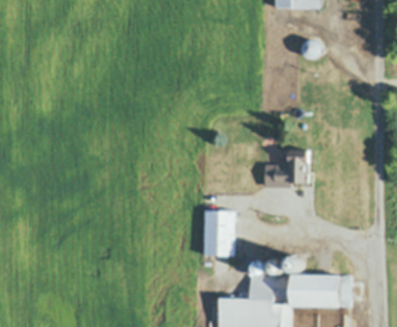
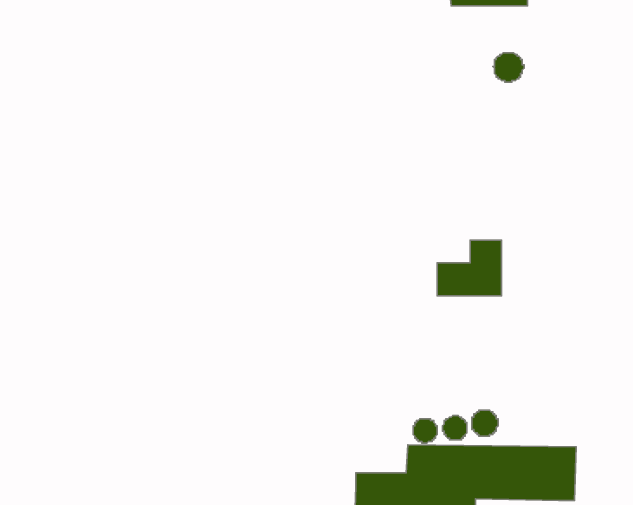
building: [204,211,236,256] -> none

